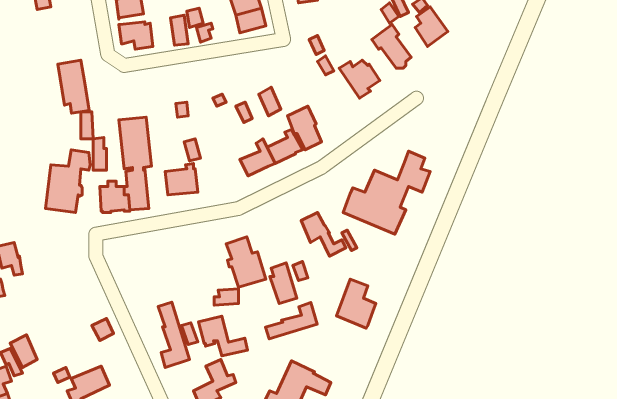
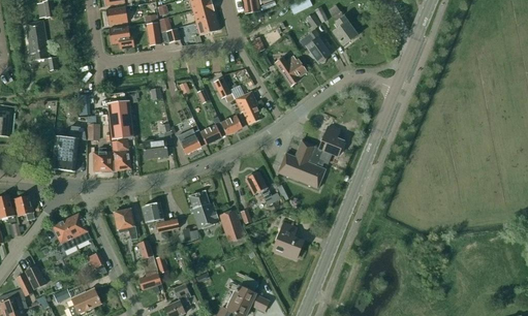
building: [58,60,89,113] -> [26,20,50,60]
building: none -> [177,128,206,154]
building: none -> [114,208,139,240]
building: none -> [52,213,90,250]
building: [265,303,317,339] -> none
building: [199,316,248,356] -> [142,201,179,231]

